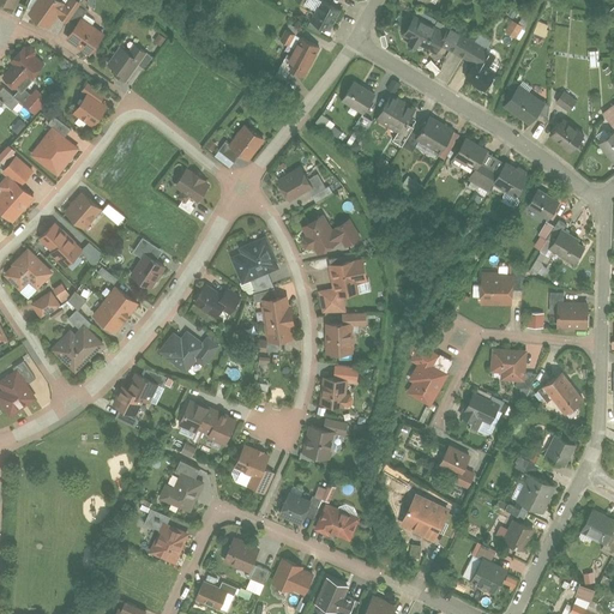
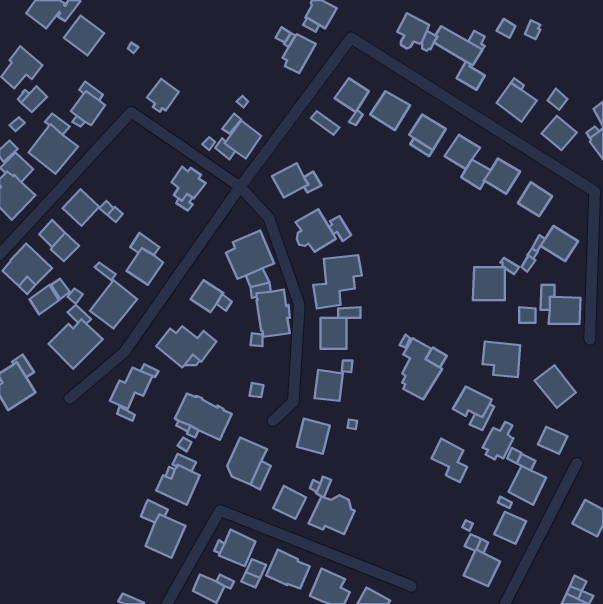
building: [106,46,138,79] -> [147,79,179,112]
building: none -> [482,422,514,460]
building: [398,492,451,543] -> none

